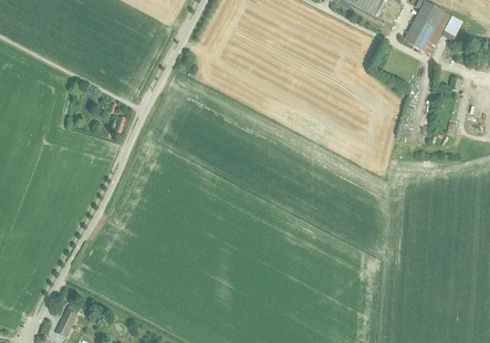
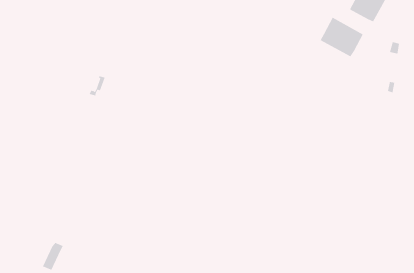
building: none -> [320,17,363,57]

